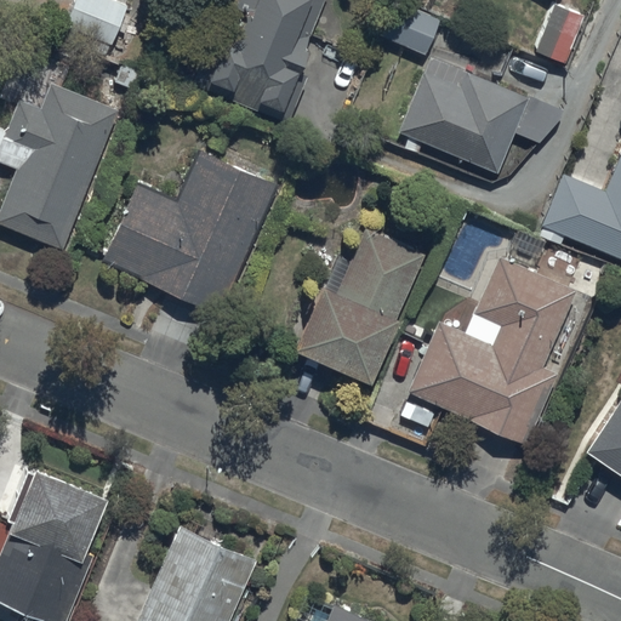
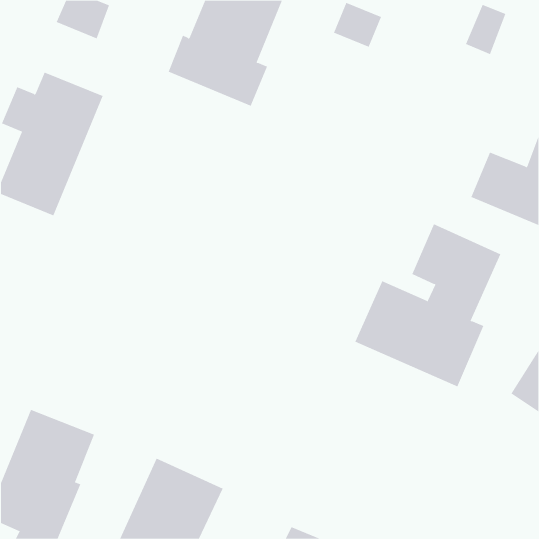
building: [399,57,529,173] -> none
building: [103,150,278,313] -> none
building: [295,229,425,384] -> none

